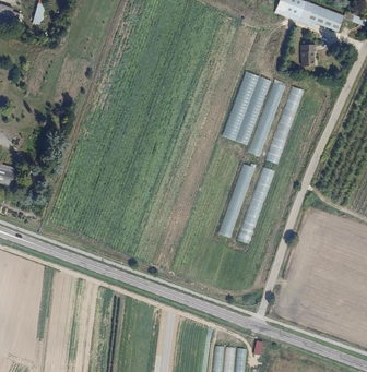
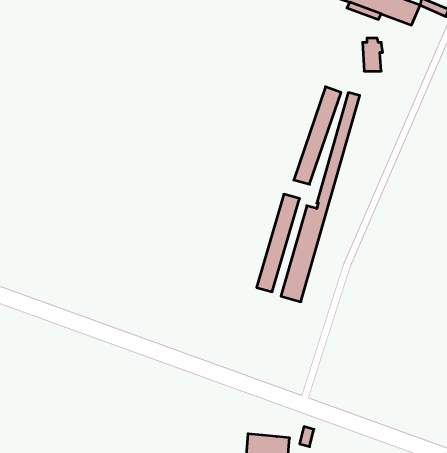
building: [222,71,270,144] -> none

